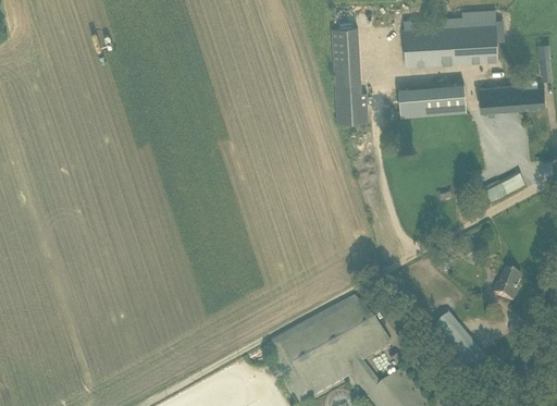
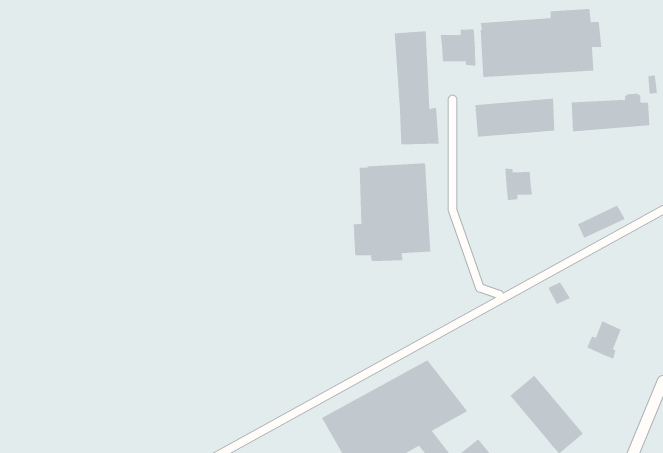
building: none -> [440,28,476,67]
building: none -> [353,162,431,262]
building: none -> [505,168,532,201]

